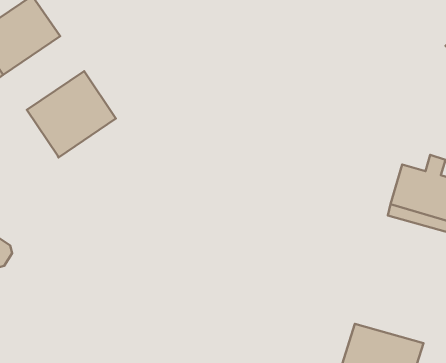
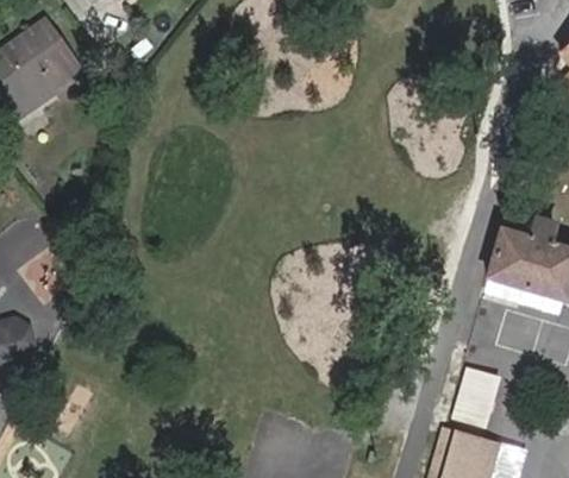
building: [27,71,116,157] -> none
building: none -> [452,365,499,424]

